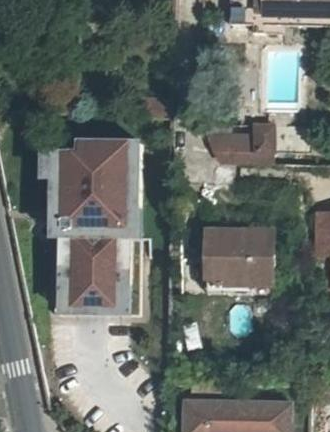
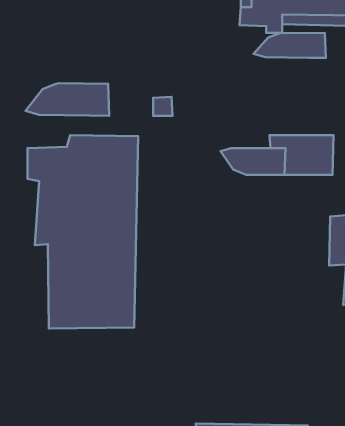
building: none -> [254,33,326,58]
building: none -> [26,83,109,116]
building: [199,223,274,289] -> none

